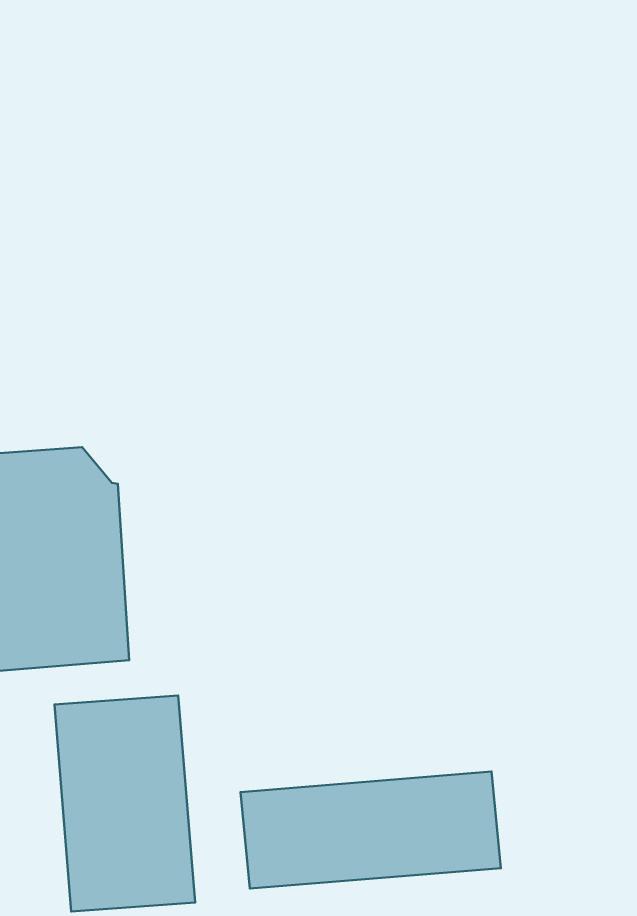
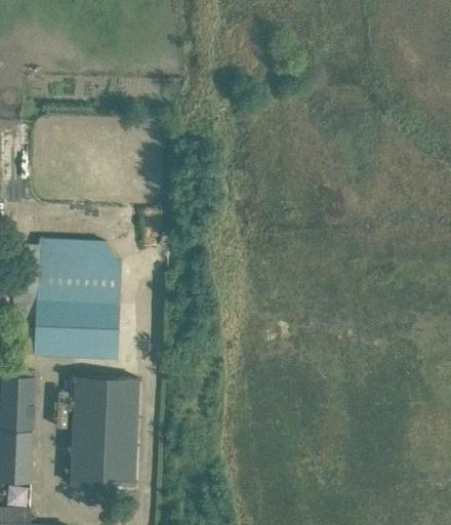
building: [240,771,501,889] -> none

